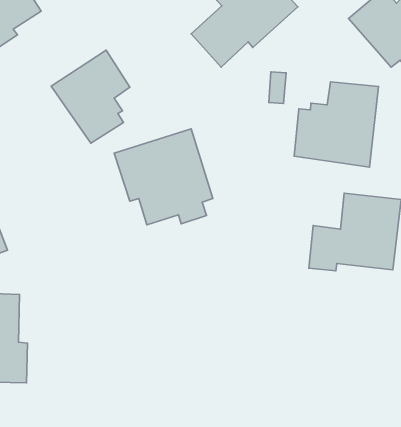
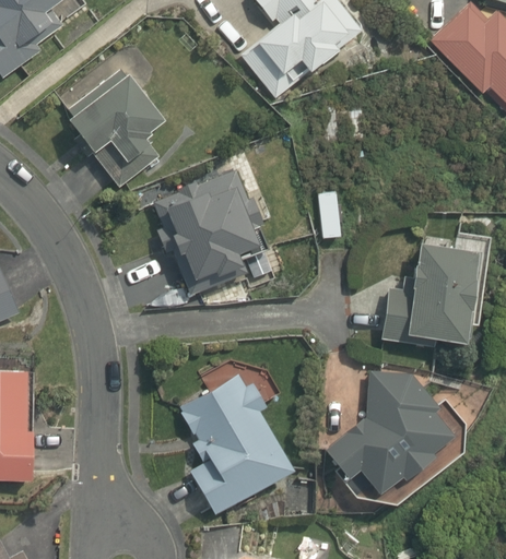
building: [294,82,378,167] -> none
building: none -> [321,370,471,493]
building: none -> [176,372,296,514]

